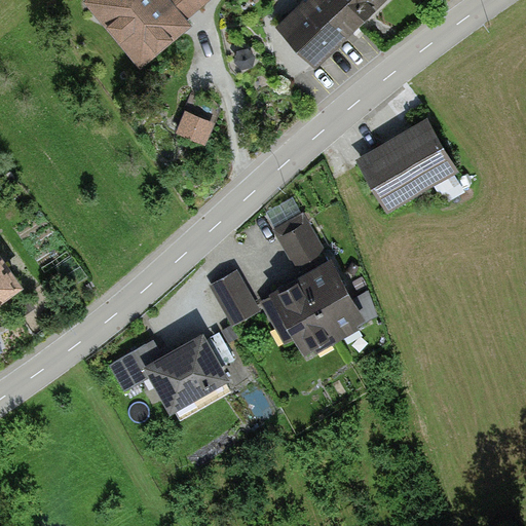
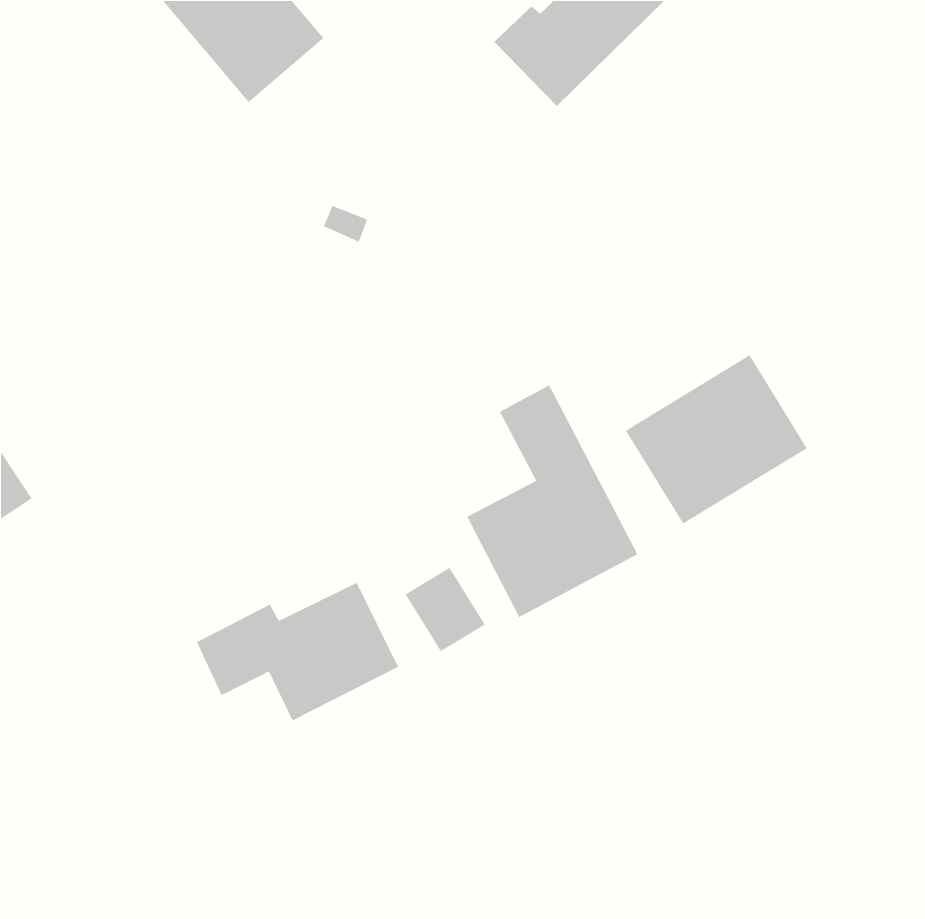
building: [354,115,458,212] -> [625,354,808,525]
building: [212,275,258,324] -> [404,567,486,652]

